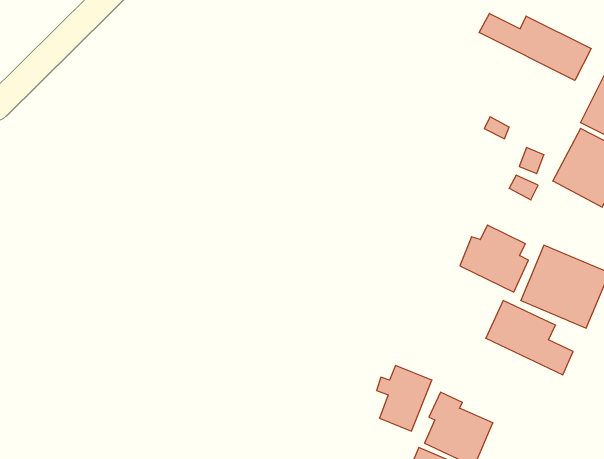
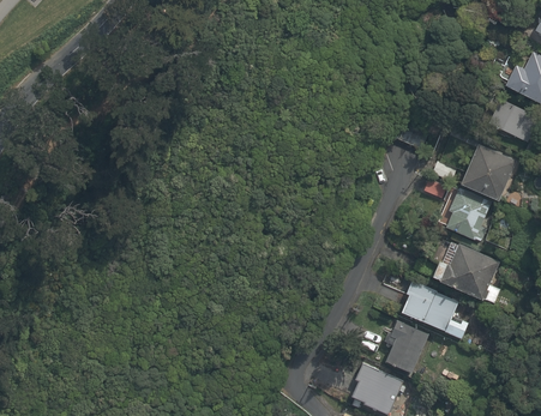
building: [479,13,591,80] -> none
building: [460,225,528,292] -> [435,191,492,246]
building: [377,366,432,431] -> [383,321,428,375]

